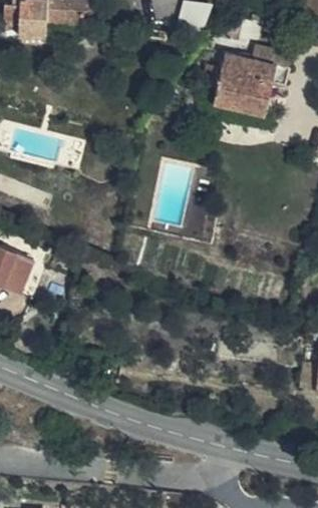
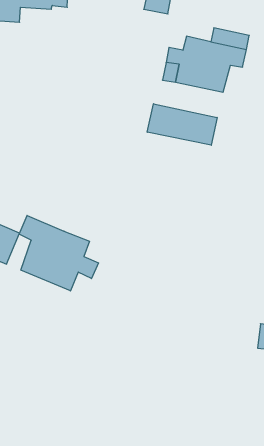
building: none -> [147,104,217,145]
building: none -> [19,215,98,291]

